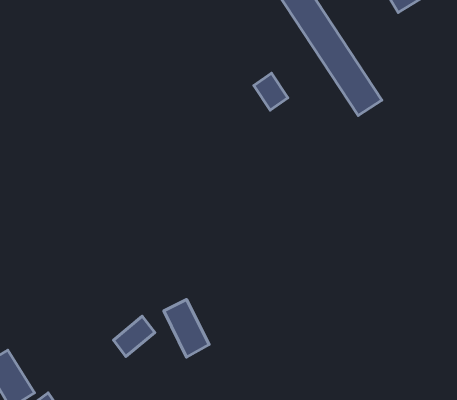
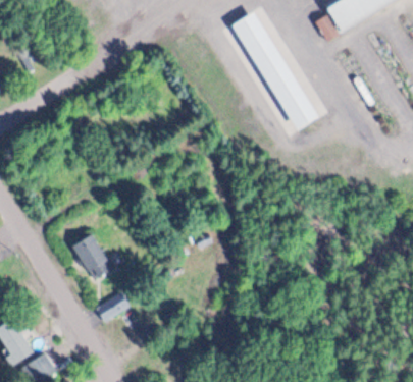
building: [254,73,288,110] -> none
building: [164,299,209,357] -> [74,232,111,279]

